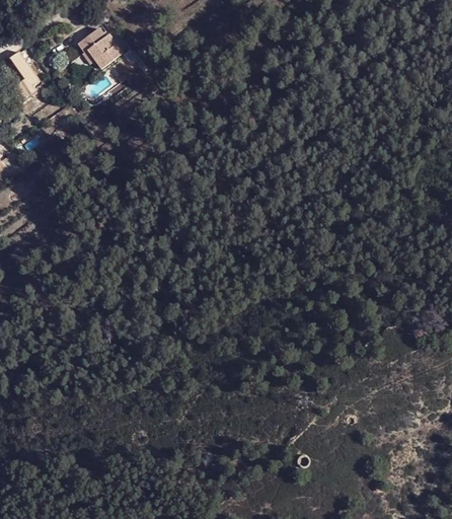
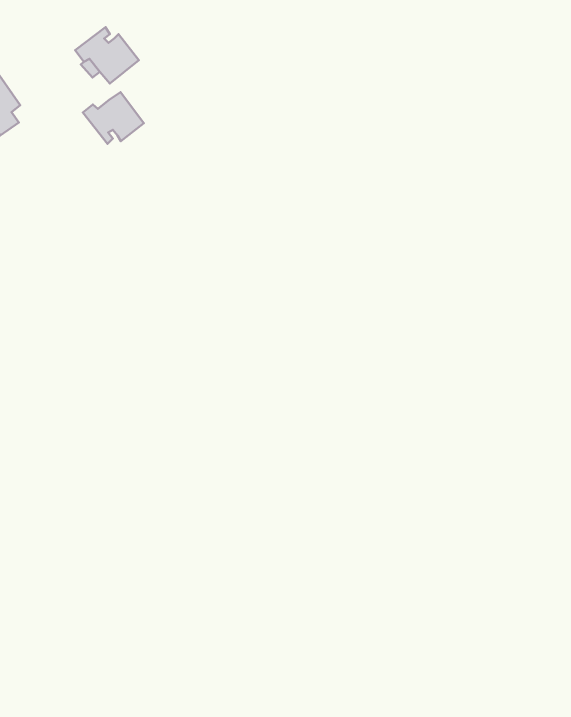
building: none -> [83,92,144,144]

